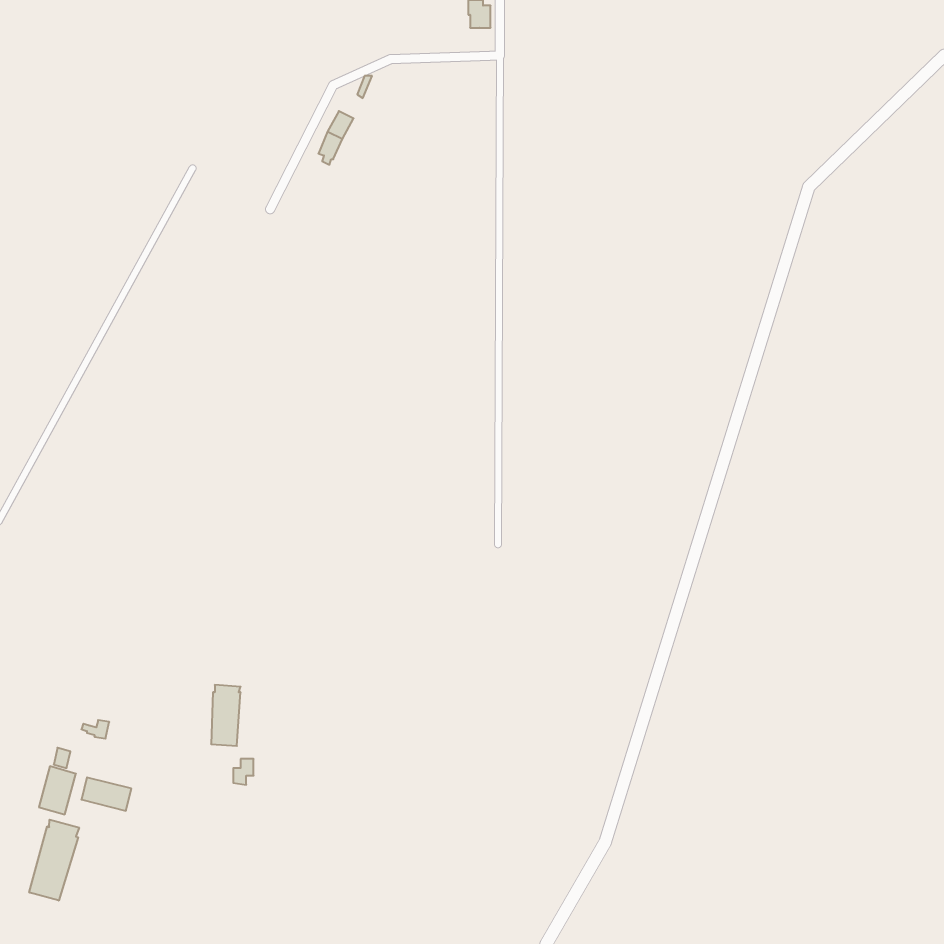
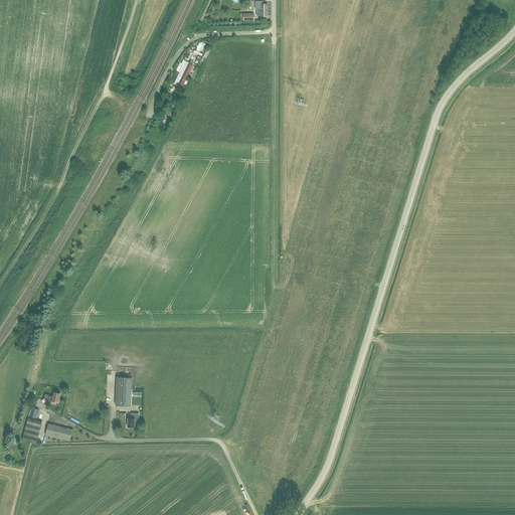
building: [29,820,79,901] -> none

